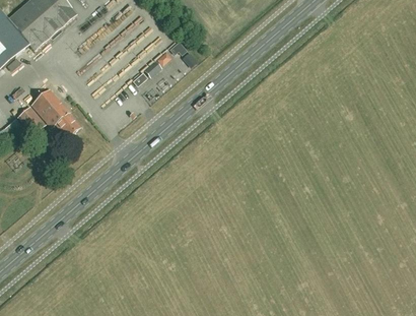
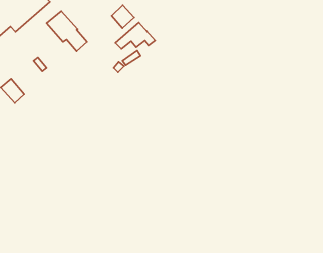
building: none -> [111,5,134,28]
building: [31,88,79,136] -> [47,11,87,51]

